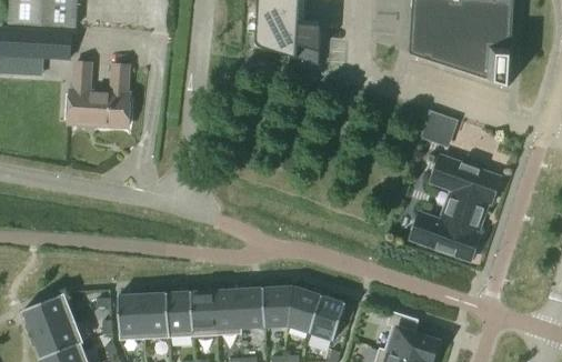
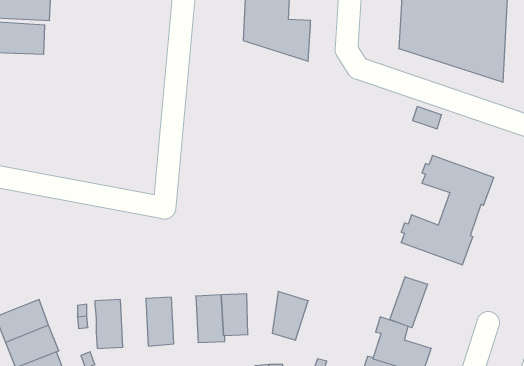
building: [68,63,128,127] -> none
building: none -> [390,277,428,328]
building: [262,285,292,326] -> none
building: [190,290,215,335] -> none
building: [141,292,168,339] -> none
building: [309,294,344,340] -> none

